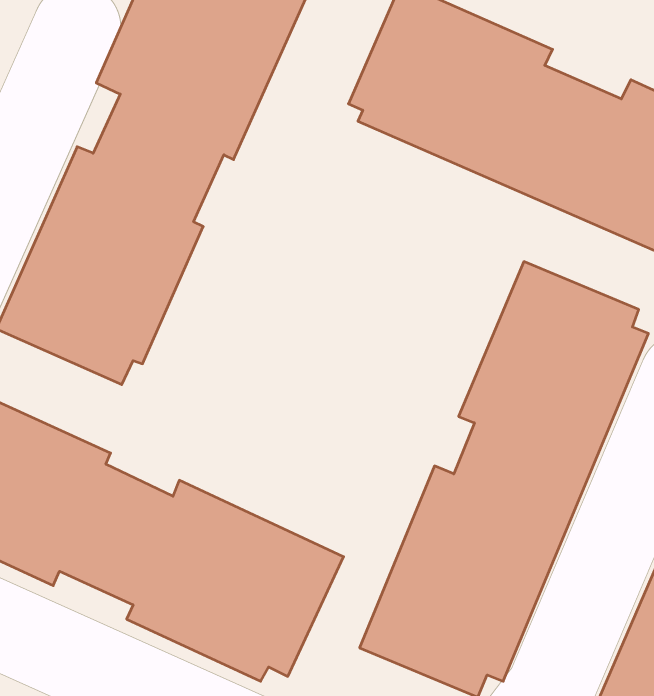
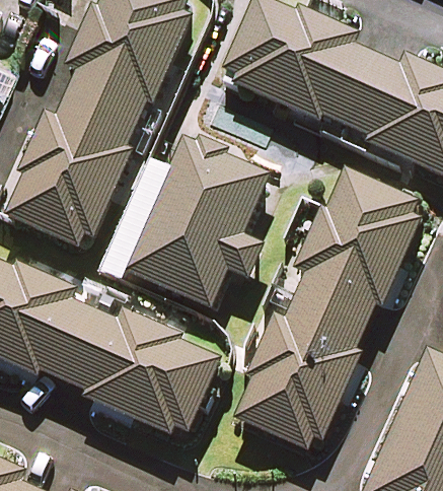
building: none -> [124,135,270,305]

